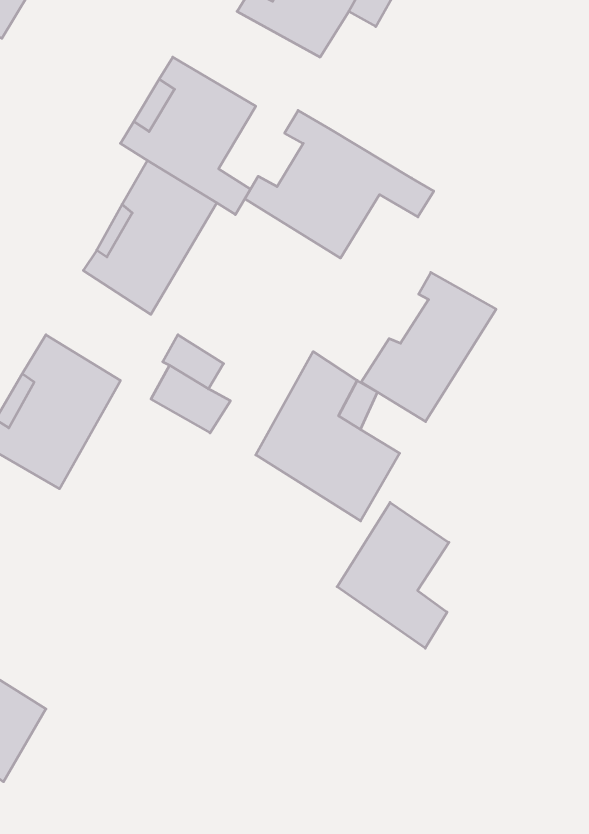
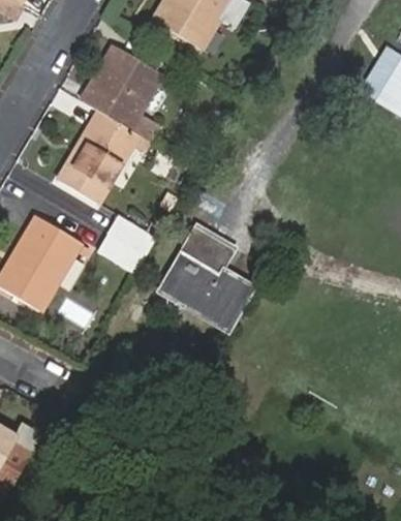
building: [245,110,434,258] -> none
building: [361,272,496,422] -> none
building: [337,502,449,648] -> none

